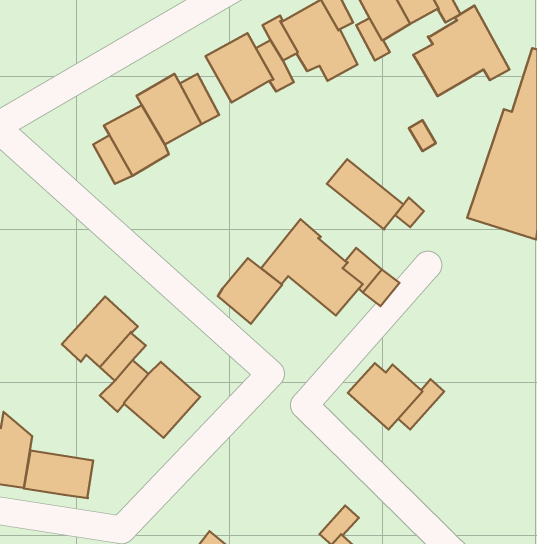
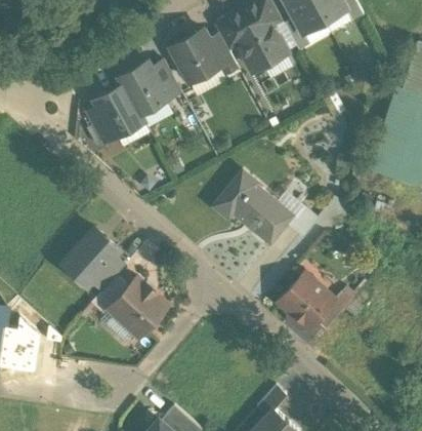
building: [413,6,509,96] -> none
building: [327,159,403,230] -> none
building: [218,258,282,324] -> none
building: [24,450,93,498] -> none

